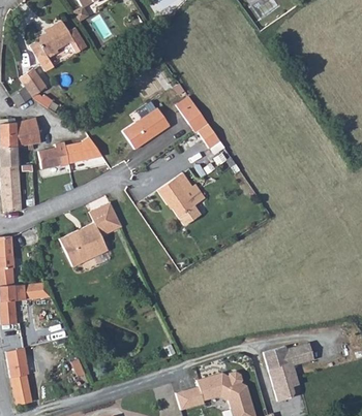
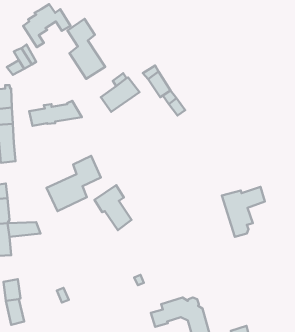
building: none -> [68,19,105,79]
building: [17,117,41,145] -> none
building: [157,171,202,225] -> [95,185,132,230]
building: [263,341,314,401] -> [222,187,265,237]

